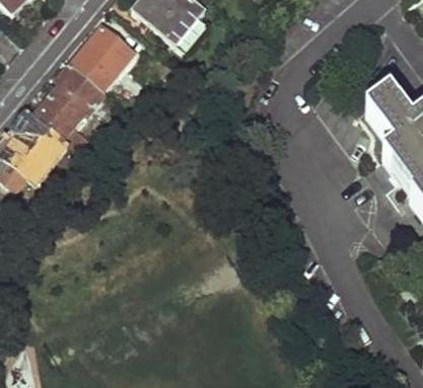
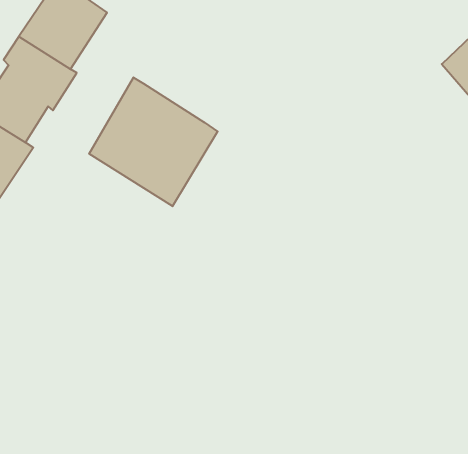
building: none -> [89,77,218,206]

